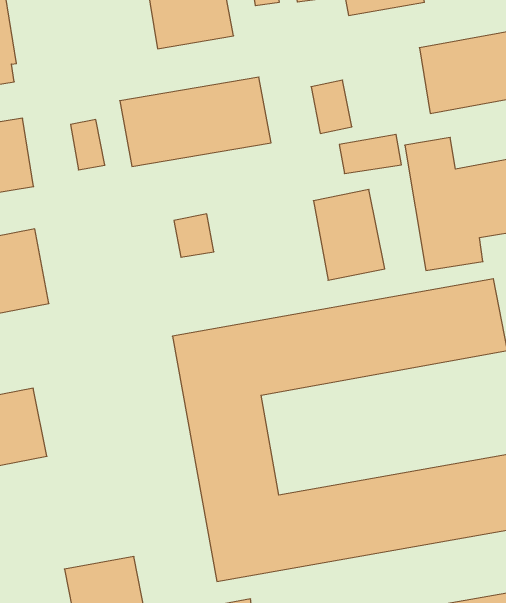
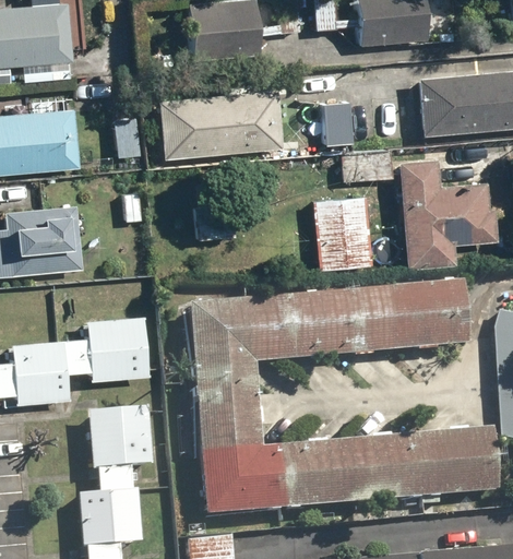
building: none -> [86,317,151,380]
building: none -> [88,407,154,471]

